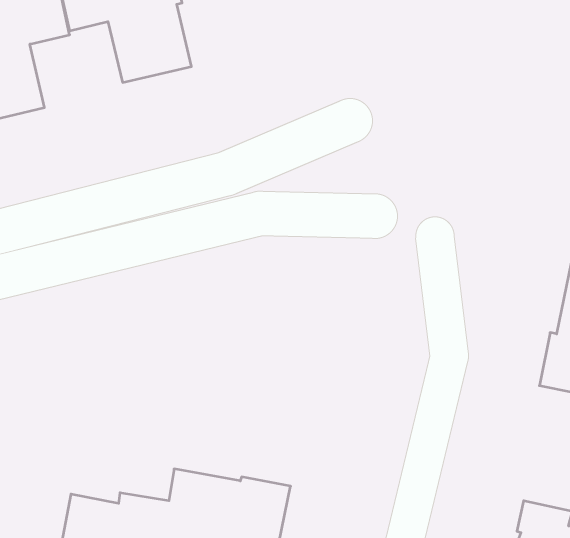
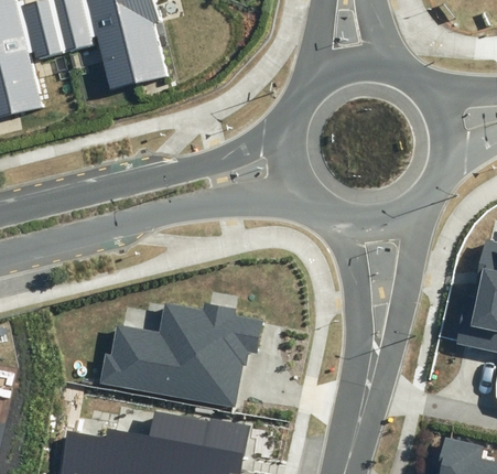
building: none -> [99,304,264,409]

